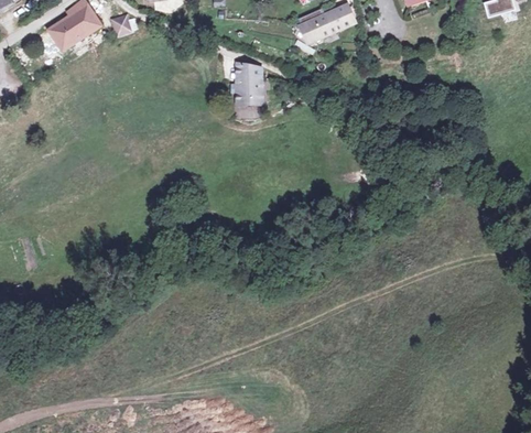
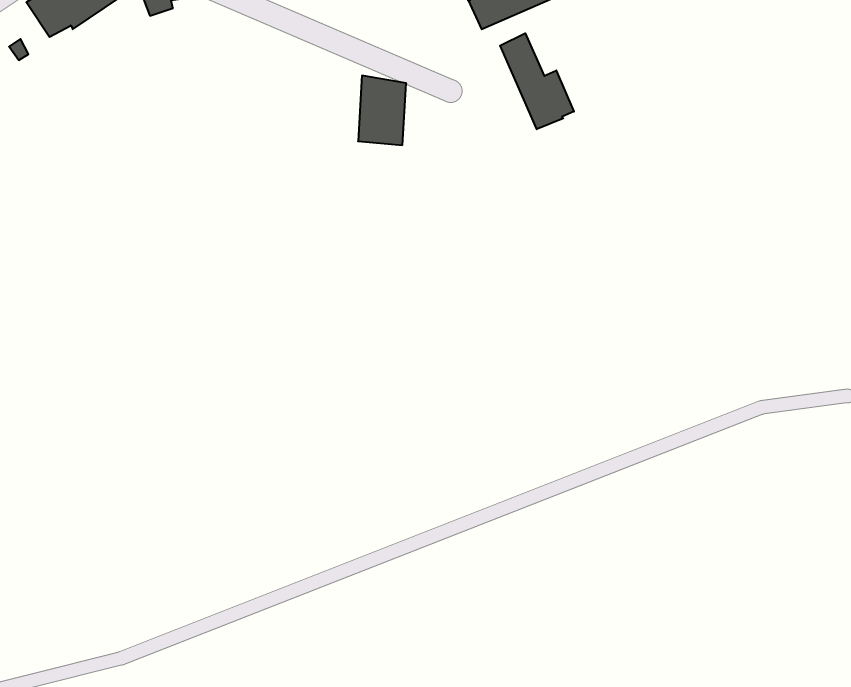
building: none -> [500,33,574,129]

